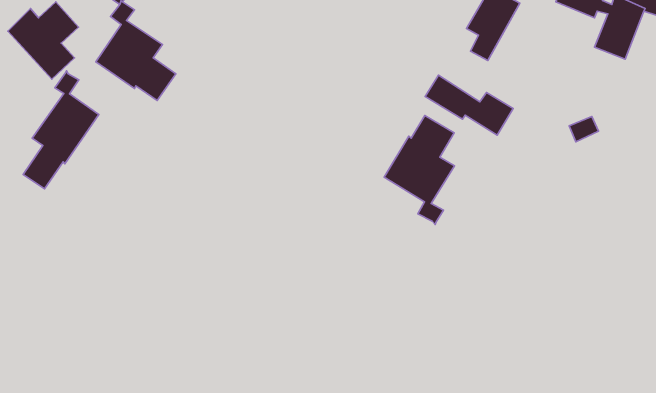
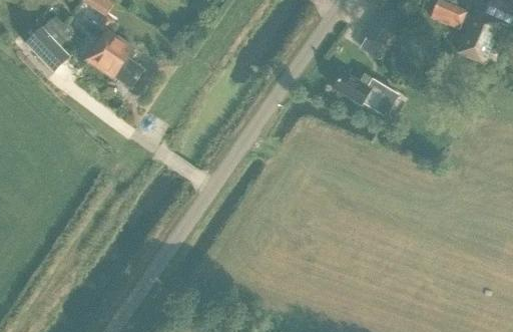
building: [23,71,99,189] -> none
building: [384,116,455,224] -> none

